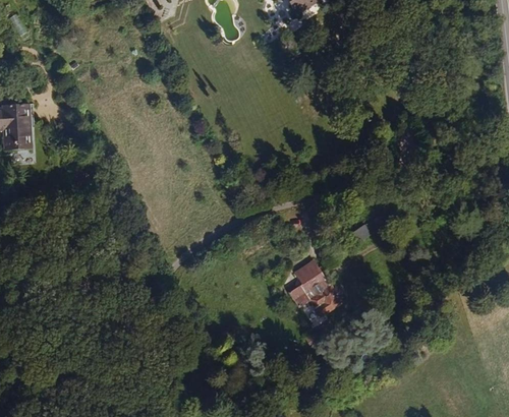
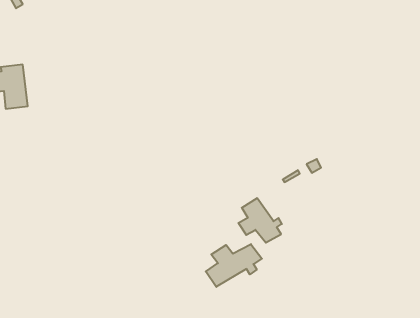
building: none -> [206,244,262,287]

